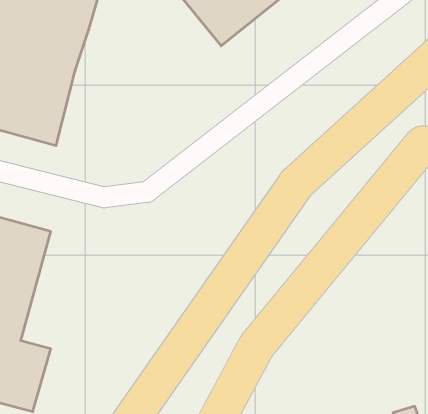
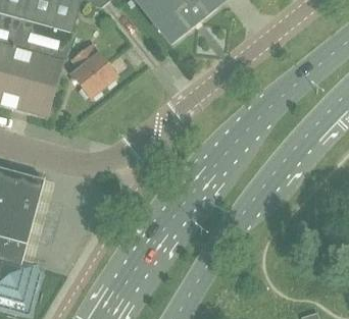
building: none -> [66,42,116,96]

